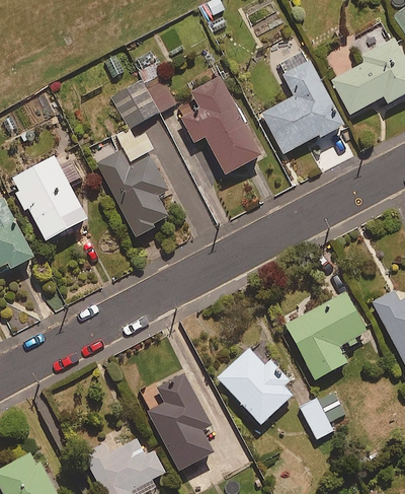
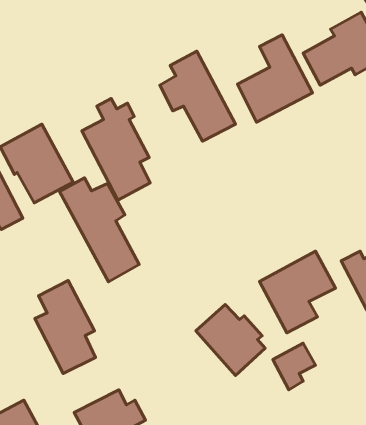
building: [111,65,175,129] -> none
building: none -> [59,178,139,282]
building: [148,371,213,471] -> [35,281,96,374]

